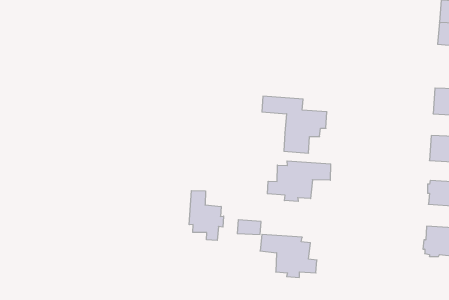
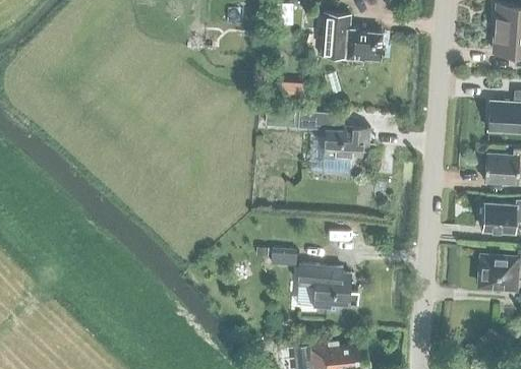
building: none -> [321,11,385,60]
building: [267,161,331,201] -> none
building: [189,191,224,240] -> none

